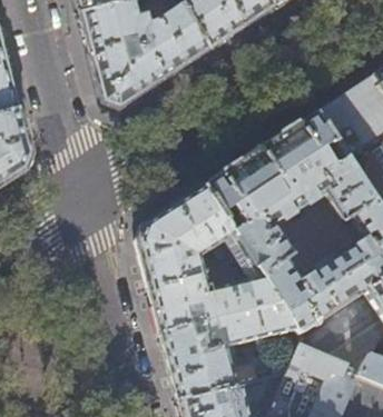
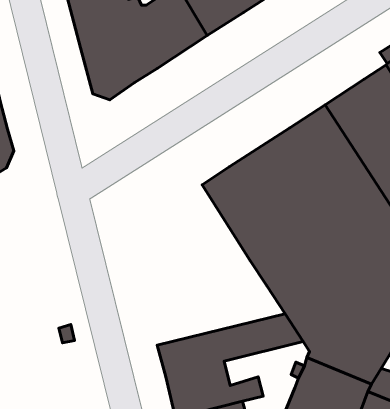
building: [138,186,279,332] -> none

